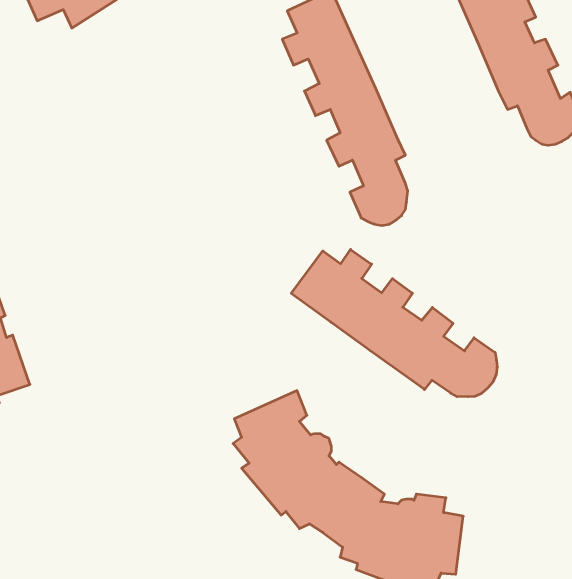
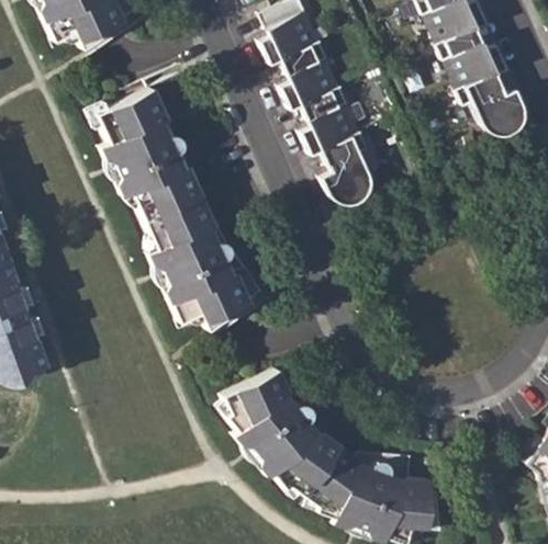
building: none -> [94,84,261,325]
building: [291,249,497,397] -> none

